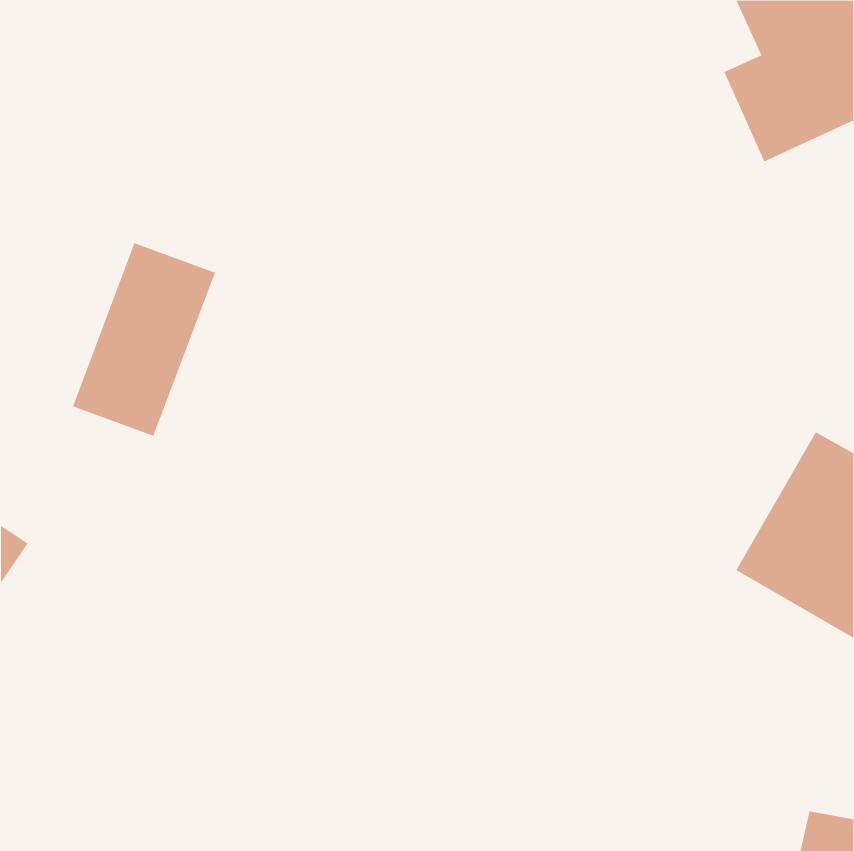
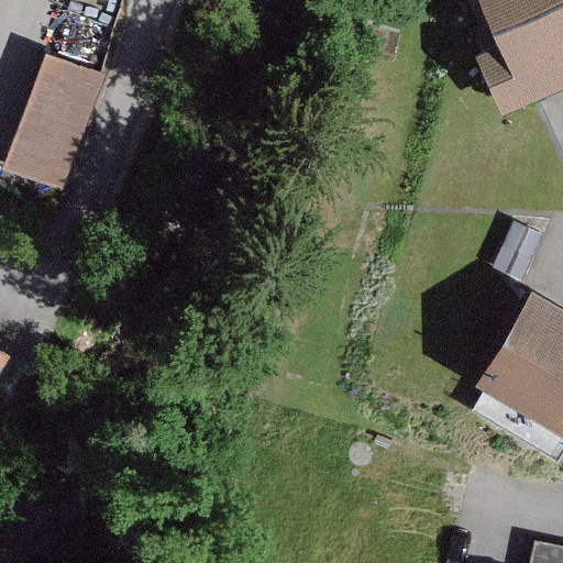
building: [72,243,216,436] -> [11,65,106,192]

